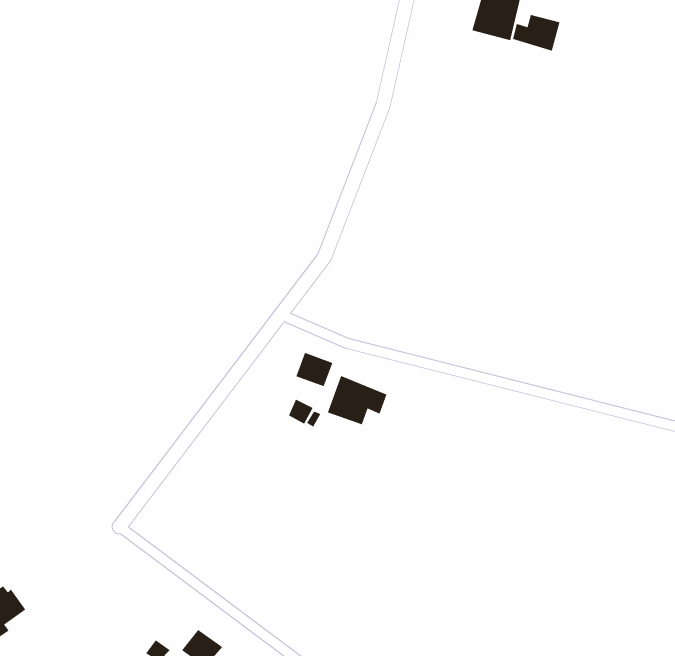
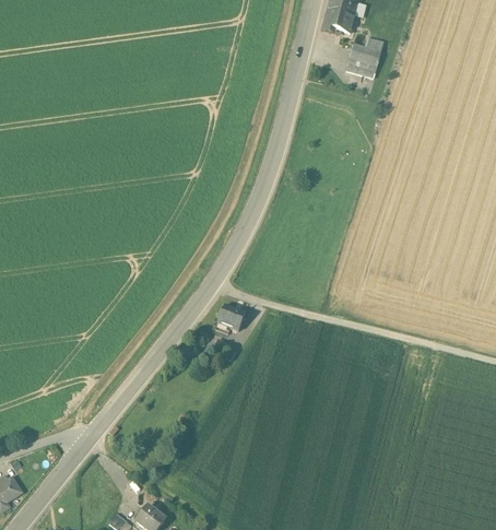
building: [513,14,560,51] -> none
building: [327,375,387,425] -> none

